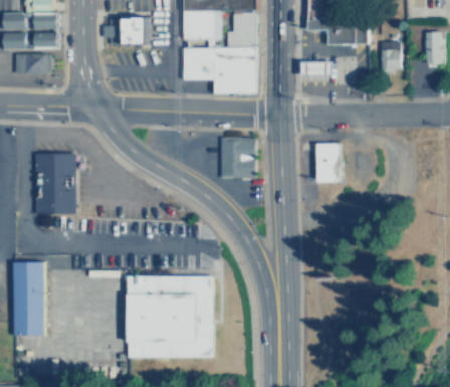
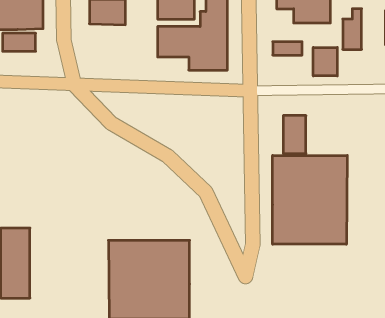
building: none -> [313,47,337,76]
building: [218,137,254,177] -> none
building: [35,151,75,213] -> none
building: none -> [273,155,347,244]

